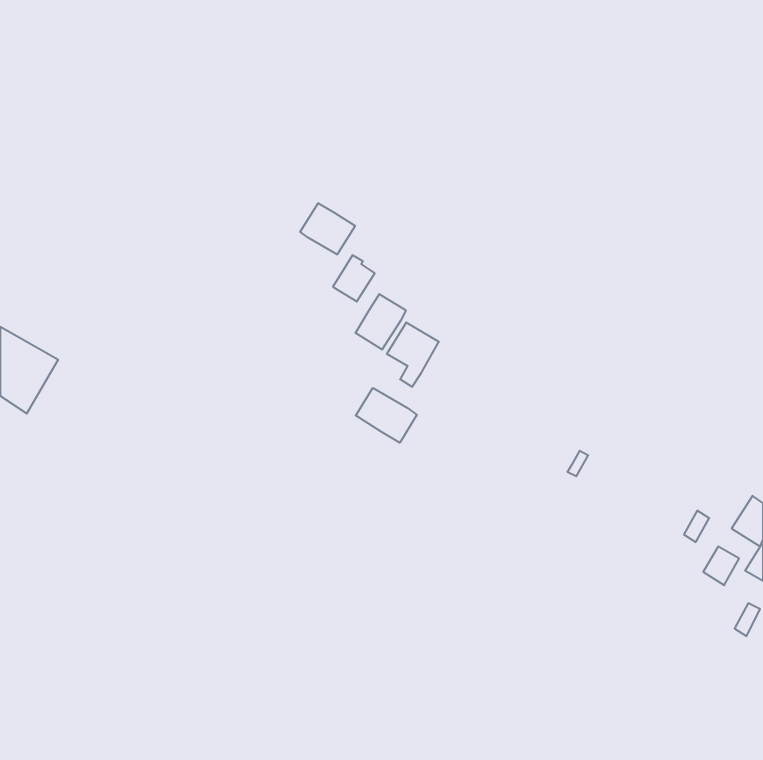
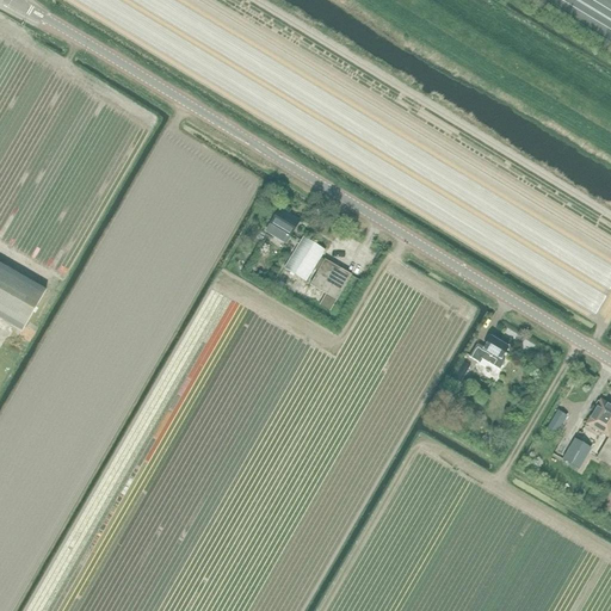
building: [300,203,355,255] -> none
building: [356,388,417,443] -> none
building: none -> [469,335,508,368]

